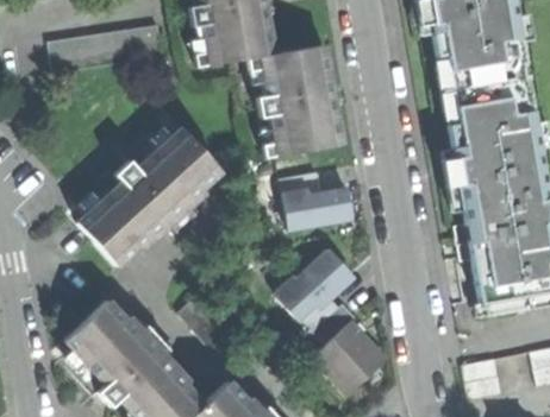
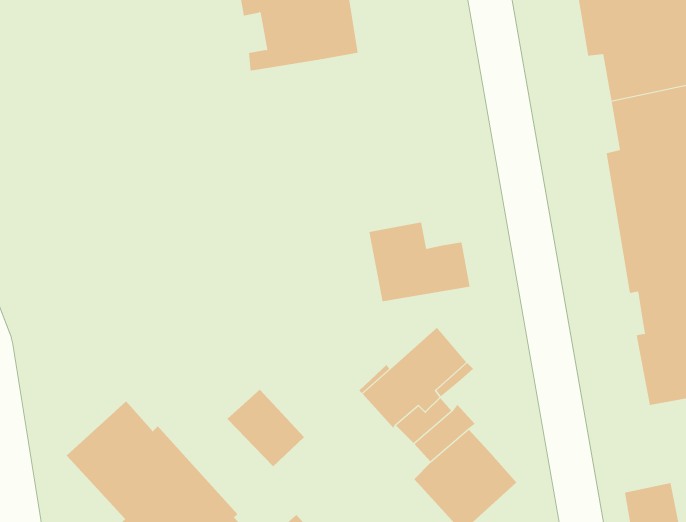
building: [49,24,164,72] -> none
building: [248,45,344,158] -> none
building: [79,128,221,266] -> none

